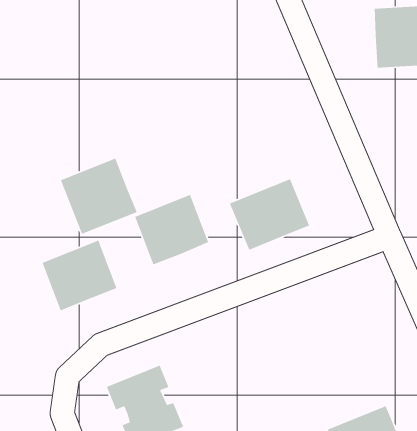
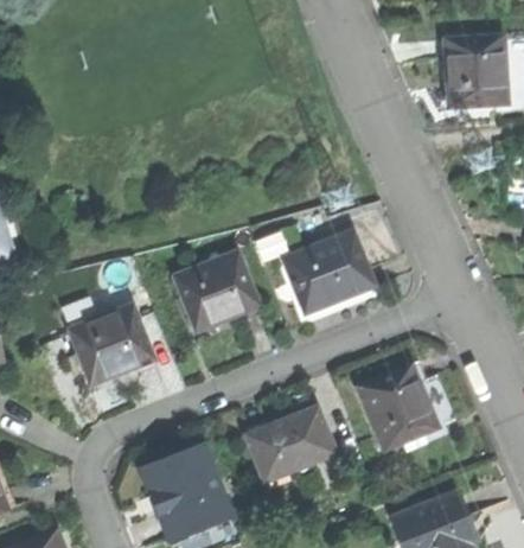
building: [60,158,138,235] -> none
building: none -> [357,364,439,451]
building: none -> [247,409,334,482]

